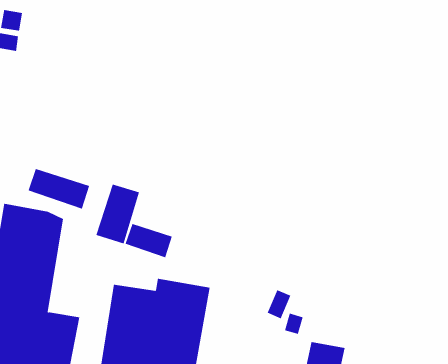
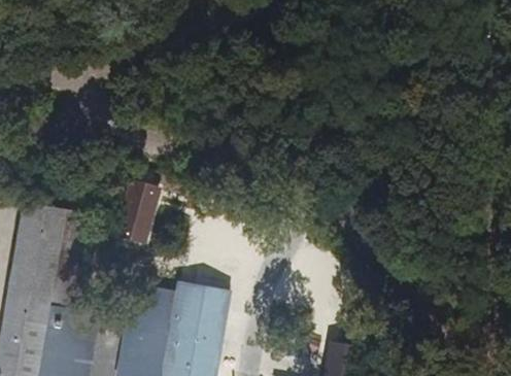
building: [28,168,90,209] -> none
building: [125,223,172,258] -> none

